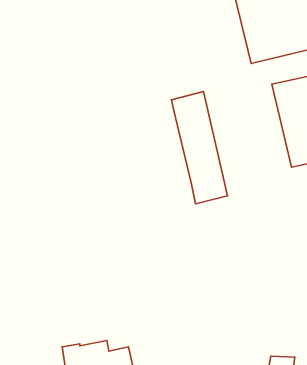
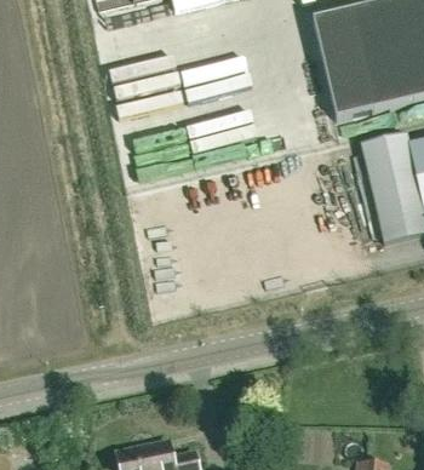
building: [172,92,227,204] -> none

